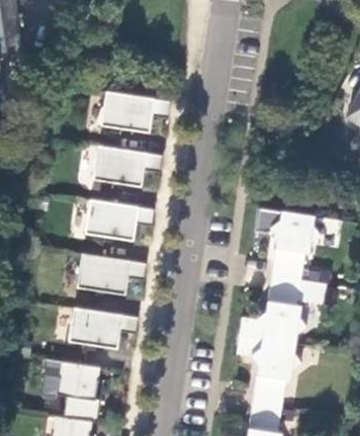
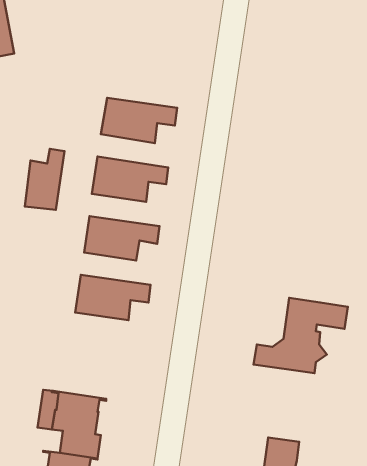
building: none -> [25,149,65,210]
building: [270,211,320,279] -> none
building: [69,308,138,349] -> none
building: [237,336,300,407] -> none

